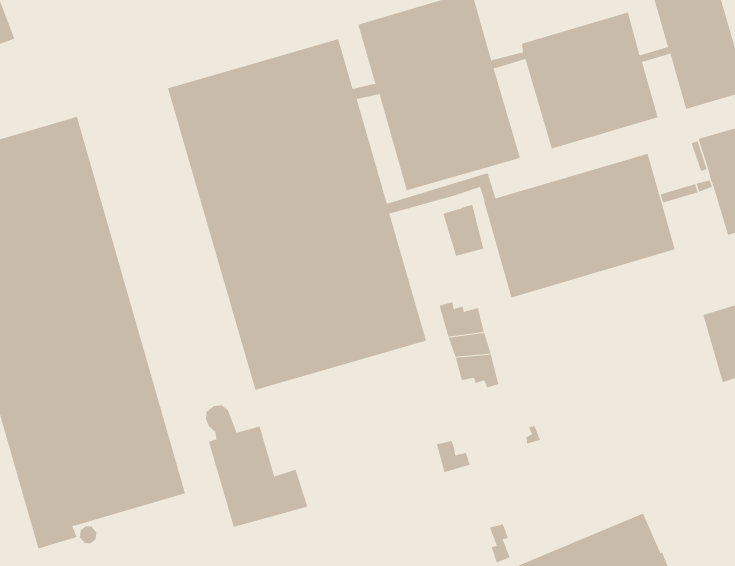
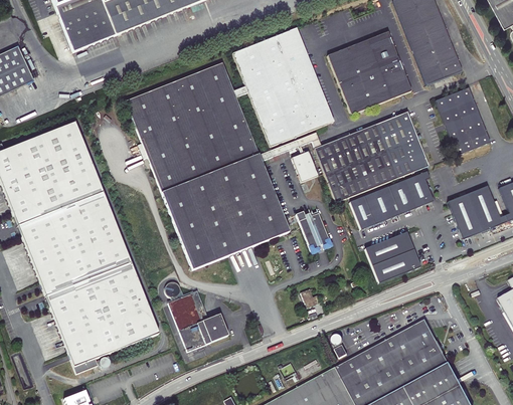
building: none -> [350,171,434,230]
building: none -> [365,232,421,283]

